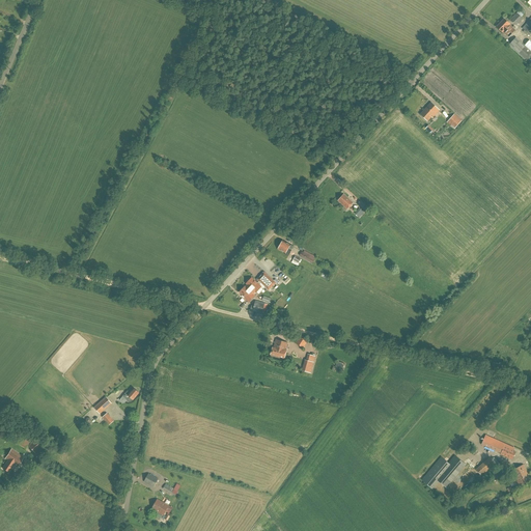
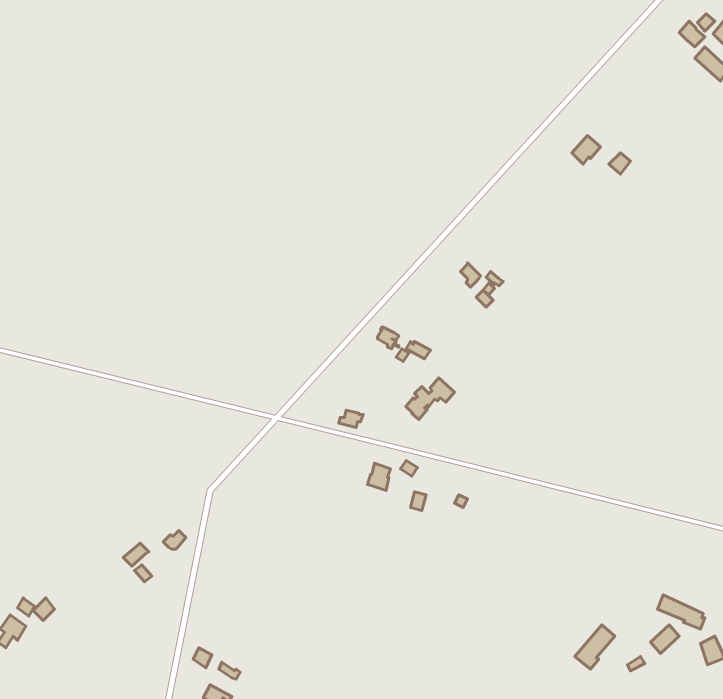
building: [241,271,276,301] -> [406,378,455,419]

